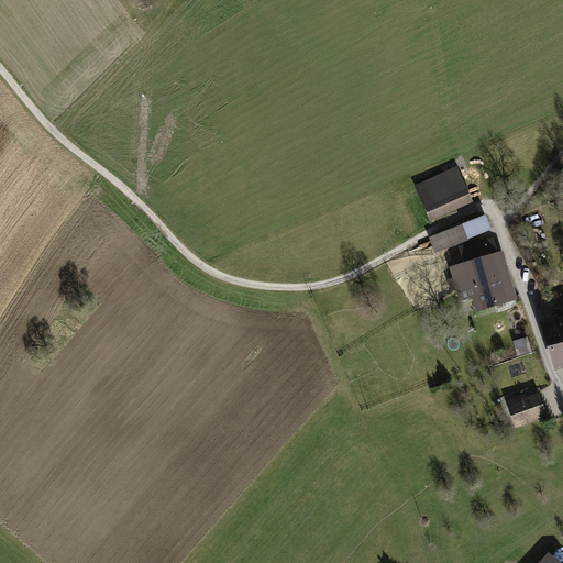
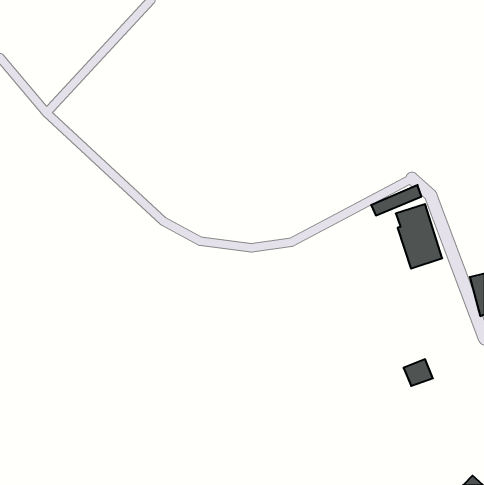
building: [417,169,471,218] -> none
building: [511,394,545,424] -> [403,359,433,386]

